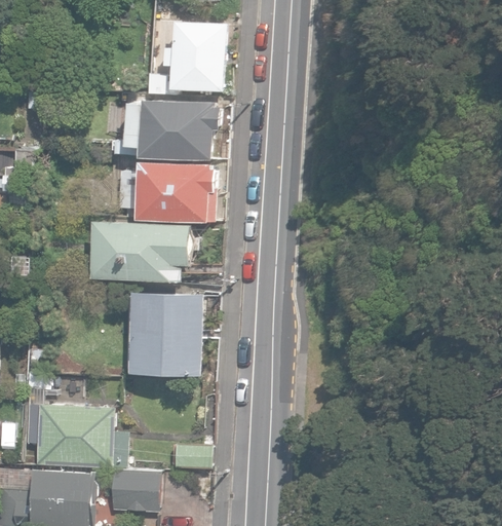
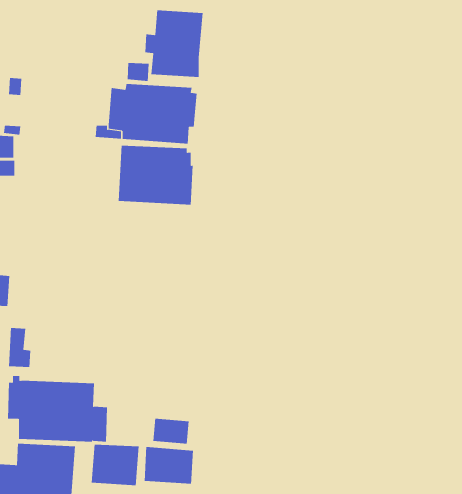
building: [90,220,190,283] -> none
building: [125,291,202,375] -> none
building: none -> [144,446,193,484]

